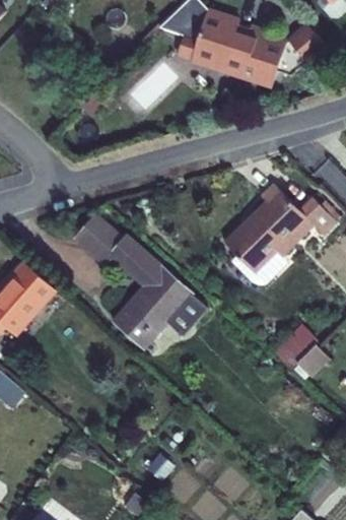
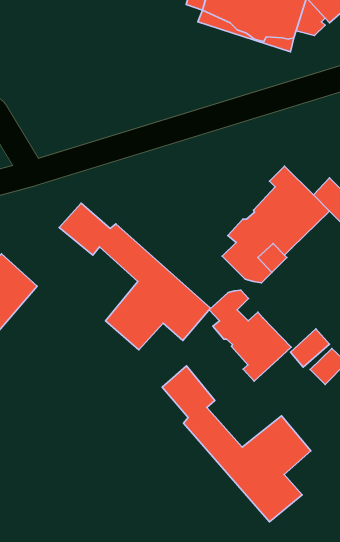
building: none -> [209,290,291,381]
building: none -> [162,366,311,522]

